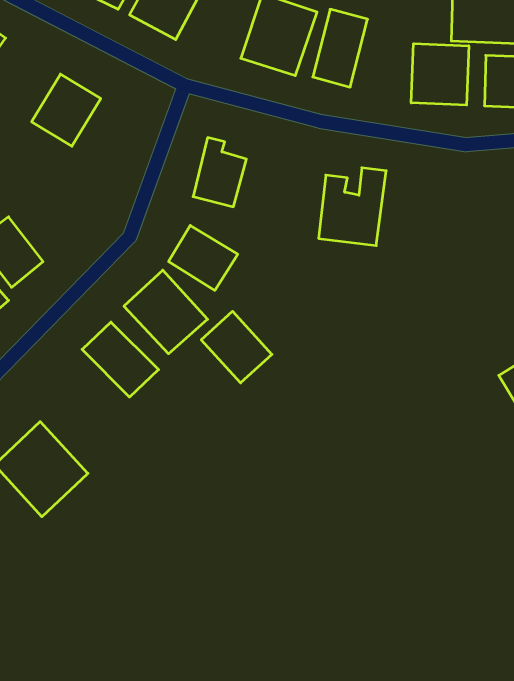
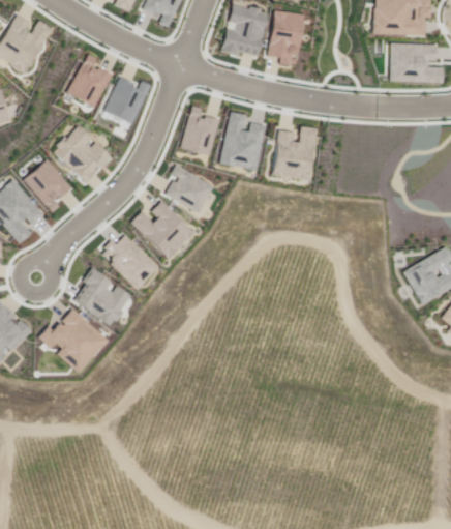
building: [411,44,469,105] -> none
building: none -> [104,78,147,126]
building: none -> [218,110,266,172]
building: none -> [57,124,116,182]
building: [201,311,272,383] -> none
building: none -> [76,271,131,325]

